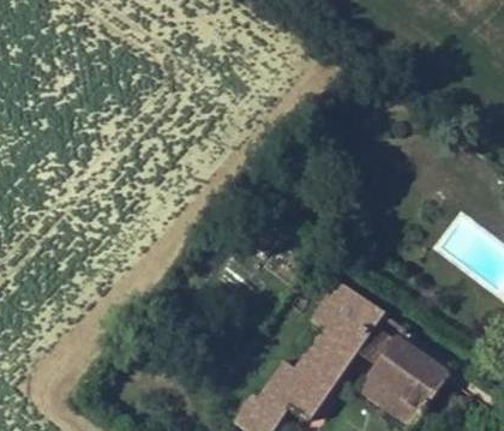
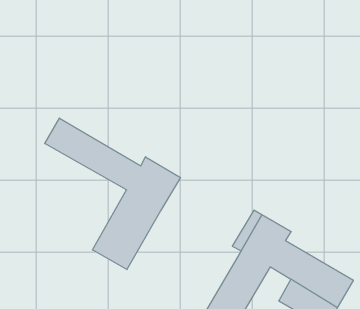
building: none -> [45,118,181,270]

